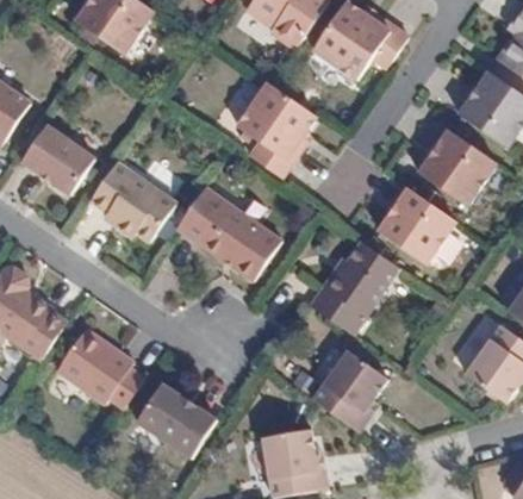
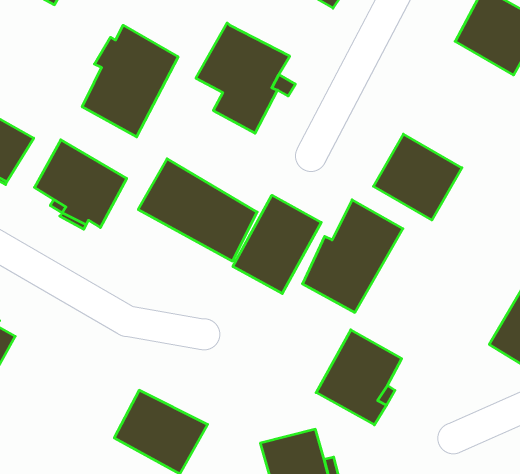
building: none -> [82,25,178,137]
building: [418,129,494,205] -> none
building: none -> [233,195,321,294]
building: [55,329,142,406] -> none

